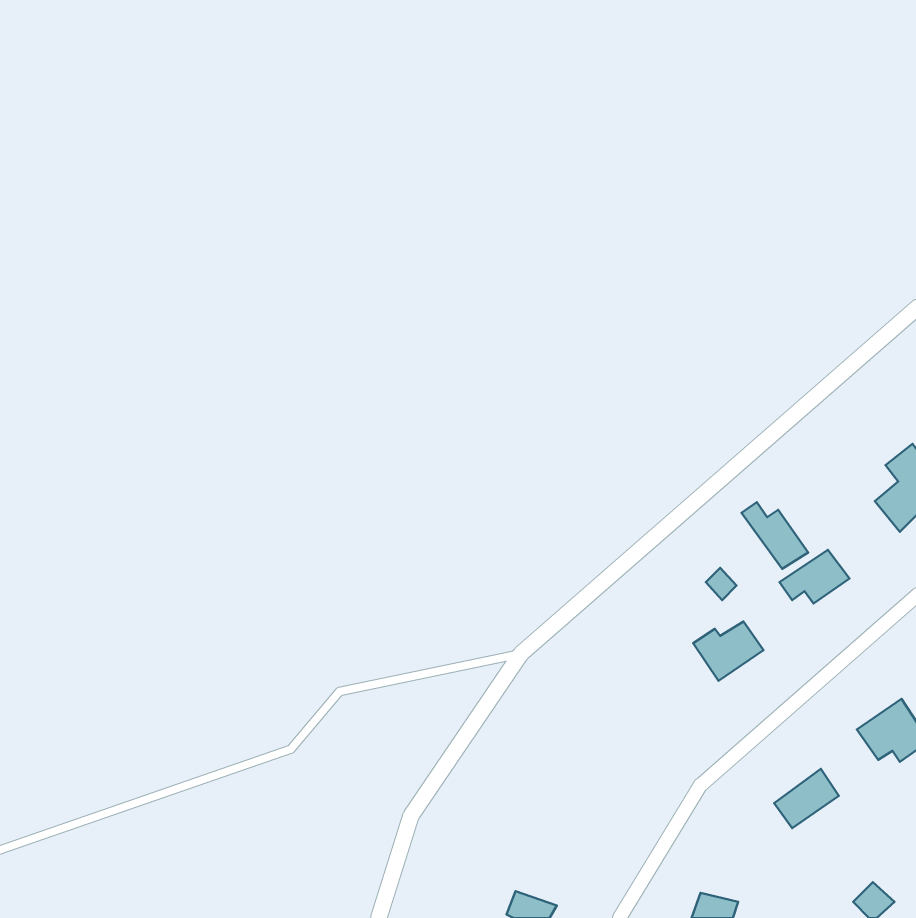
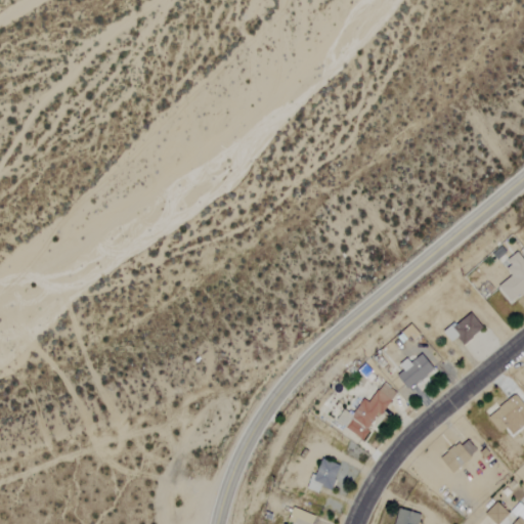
building: [742,502,808,569] -> none
building: none -> [338,383,397,439]
building: none -> [310,457,342,492]

